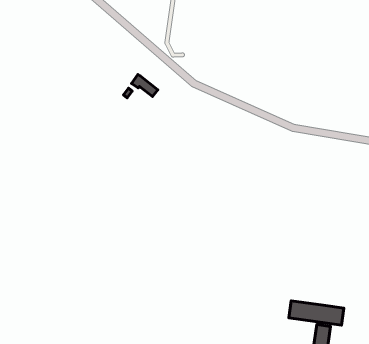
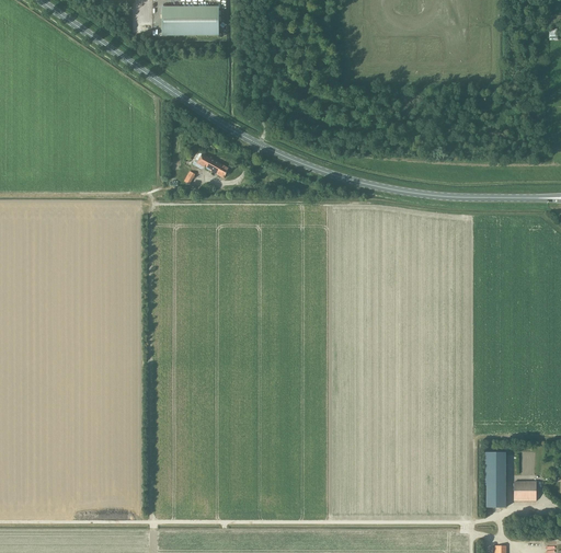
building: [289,301,344,325] -> none

